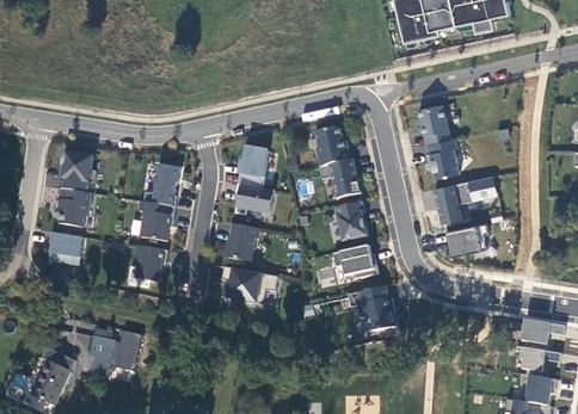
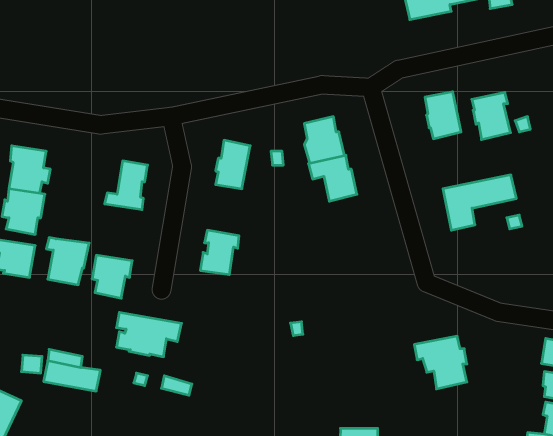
building: [425,138,459,179] -> [472,92,511,140]
building: [234,184,273,215] -> none
building: [137,200,174,241] -> [46,238,89,285]
building: [334,202,367,240] -> none
building: [445,223,487,257] -> none
building: [331,245,377,278] -> none
building: [221,266,277,304] -> [116,312,182,357]
building: [348,286,393,332] -> [414,336,467,389]

